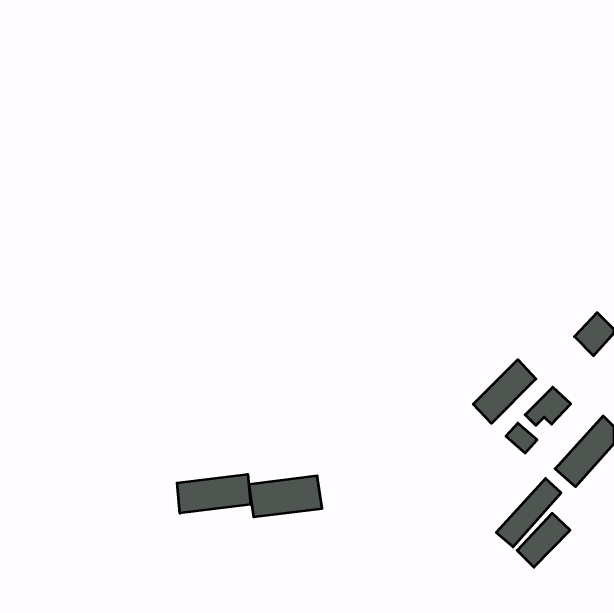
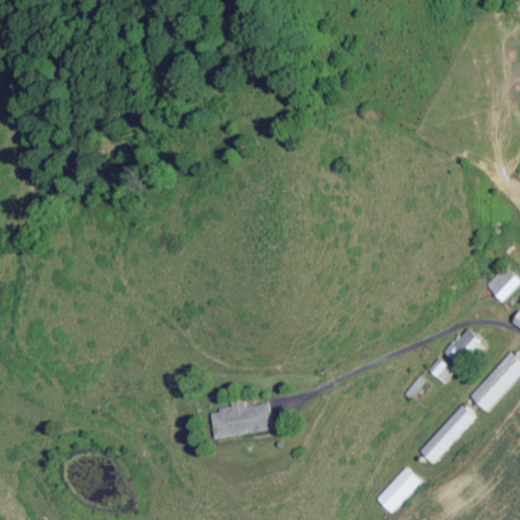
building: [473,360,536,423] -> none
building: [177,474,251,513] -> none
building: [517,513,570,567] -> [376,467,420,513]

